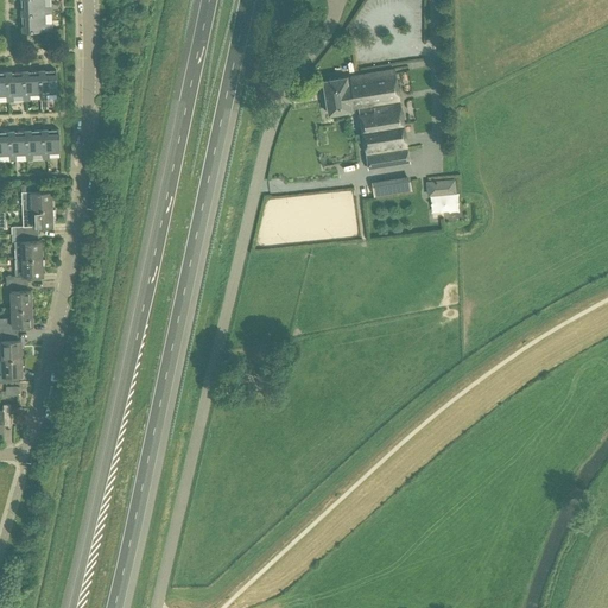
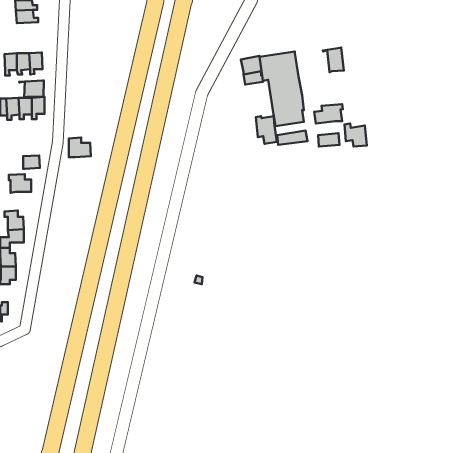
building: none -> [323,48,344,72]
building: none -> [19,80,44,97]
building: none -> [314,104,343,123]
building: none -> [256,116,277,144]
building: none -> [344,123,367,147]
building: [23,184,52,210] -> [69,138,91,157]
building: [6,258,43,284] -> none

